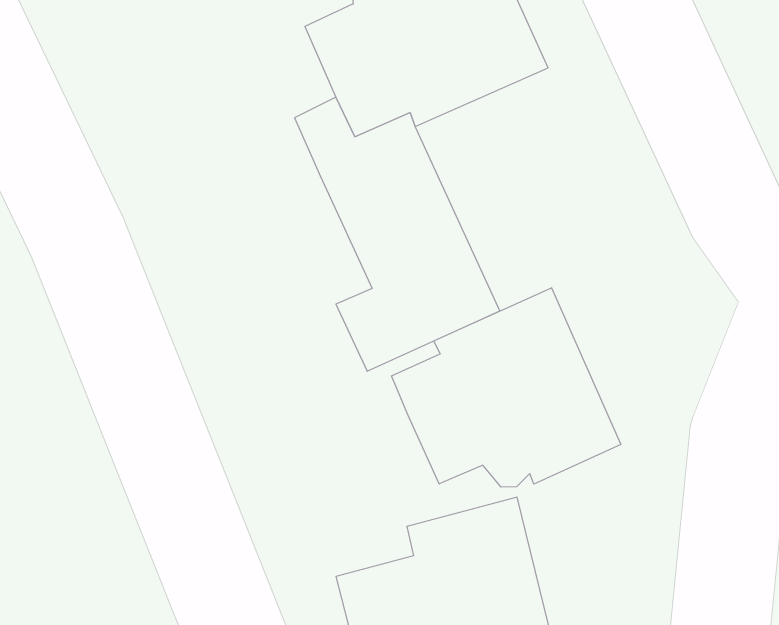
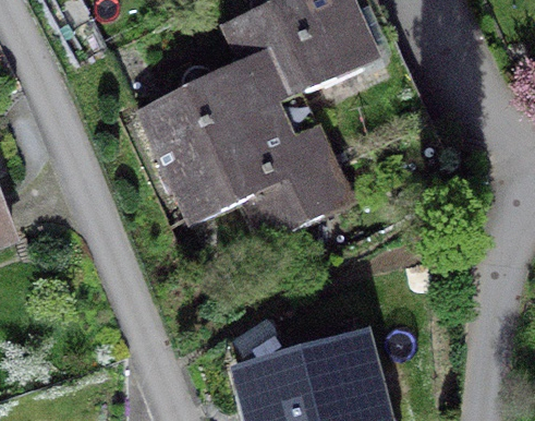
building: none -> [138,70,266,227]
building: [391,288,621,487] -> none

